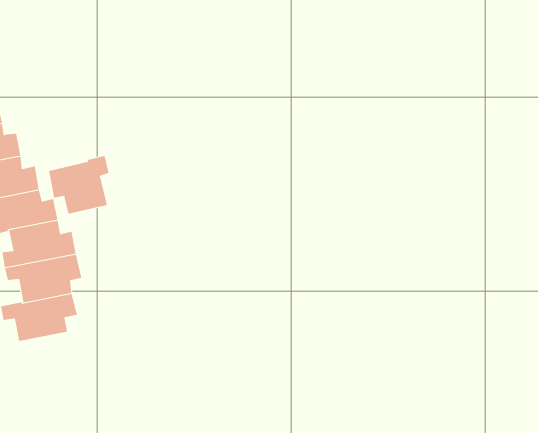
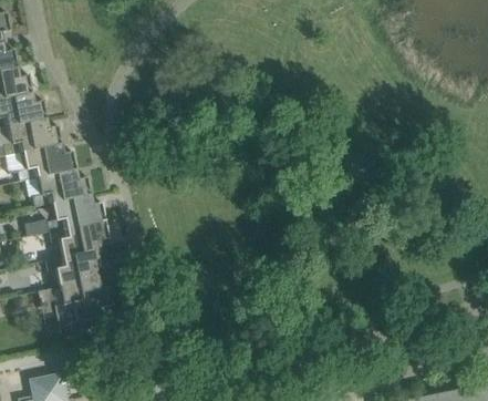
building: [48,155,109,215] -> none
building: none -> [53,282,112,327]

